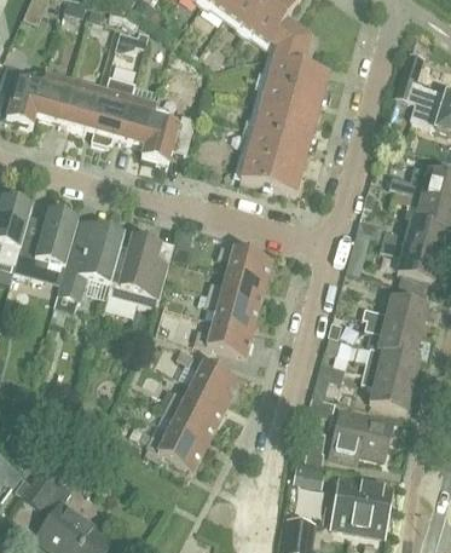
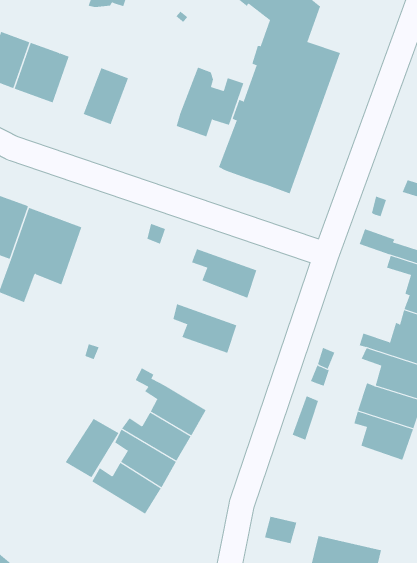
building: [91,91,131,144] -> none
building: [140,105,195,163] -> [176,67,244,137]
building: [108,235,170,306] -> none
building: [208,270,267,305] -> none
building: [195,318,254,355] -> none
building: none -> [65,418,119,478]
building: [331,410,391,459] -> none

